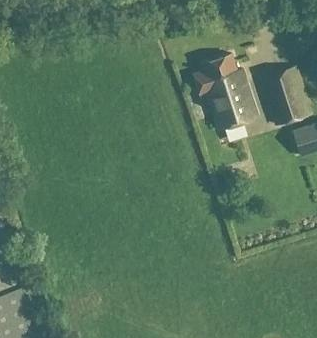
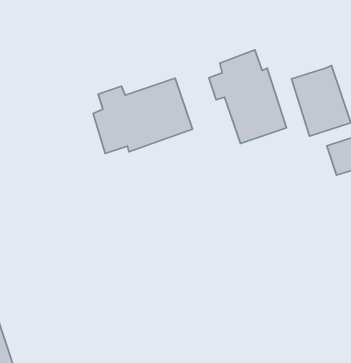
building: none -> [93,78,193,153]

